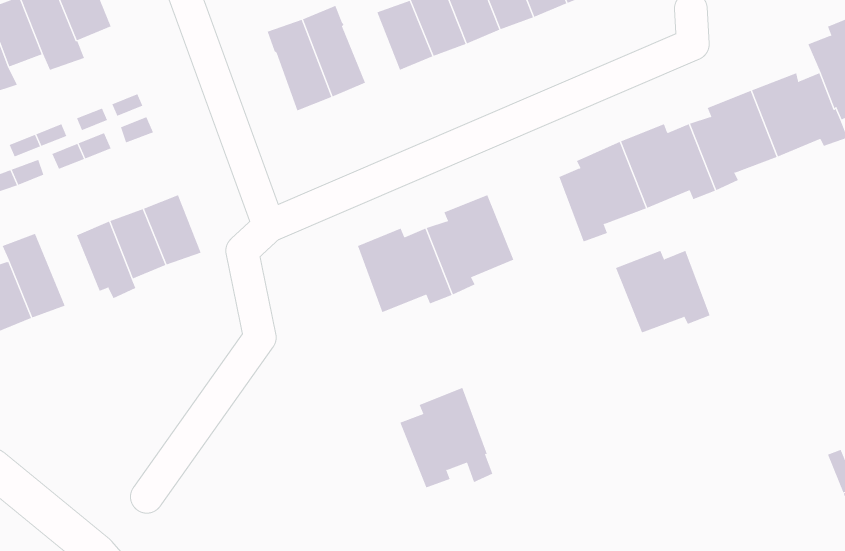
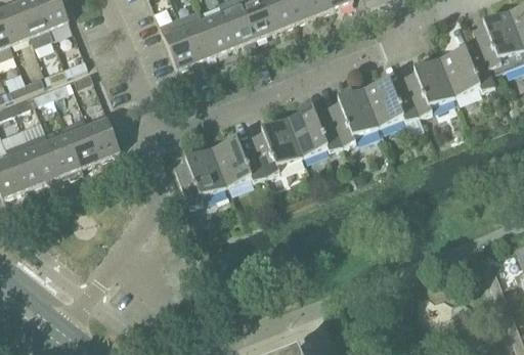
building: none -> [205,11,237,52]
building: none -> [27,131,63,181]
building: [615,250,710,333] -> [289,106,344,154]
building: [399,387,493,488] -> [176,146,230,205]

